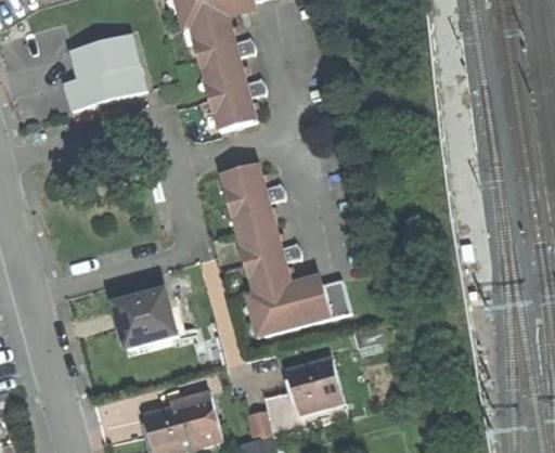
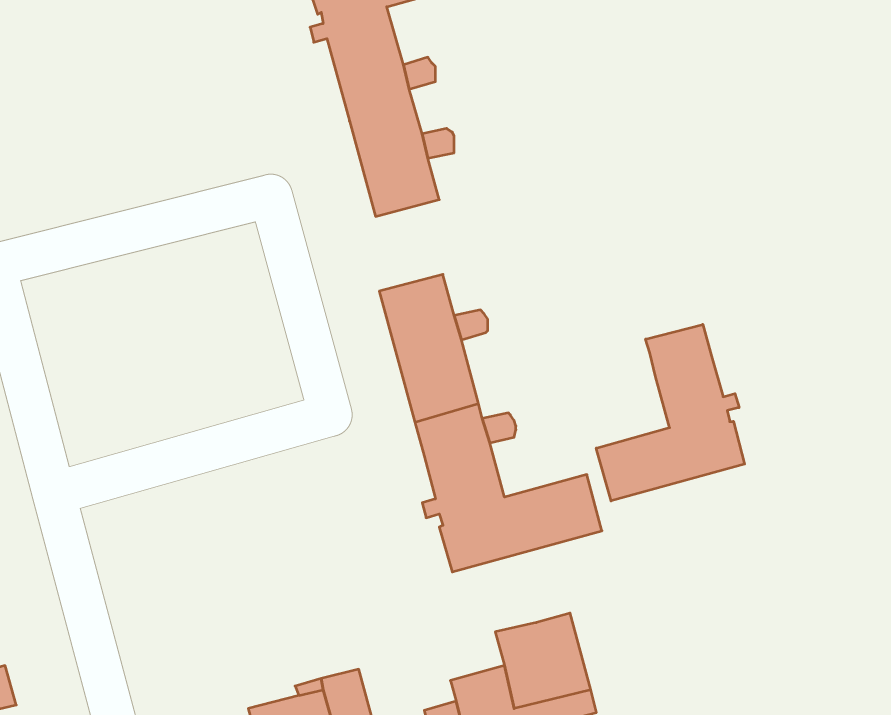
building: [61,34,143,108] -> none
building: none -> [596,324,745,501]
building: [114,292,182,347] -> none

